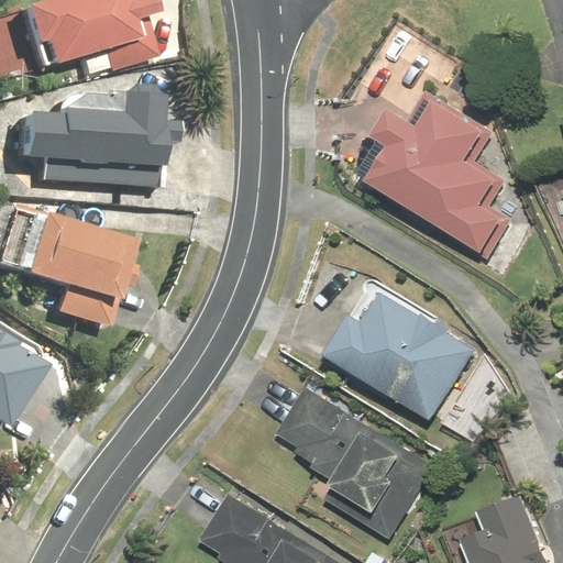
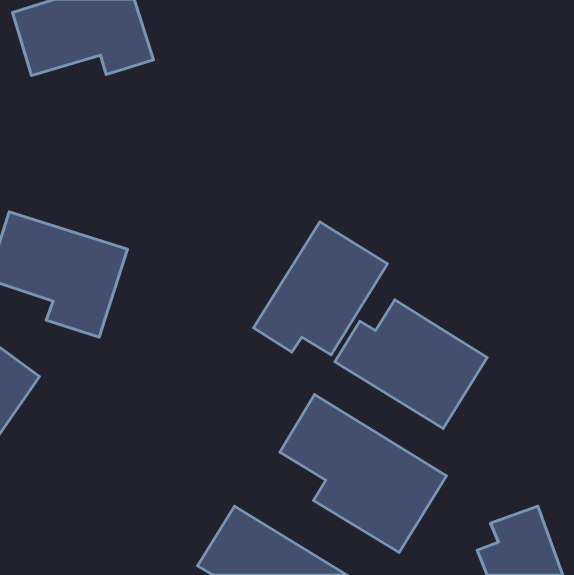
building: [368,88,512,253] -> none
building: [7,95,169,189] -> none
building: none -> [254,222,387,355]

